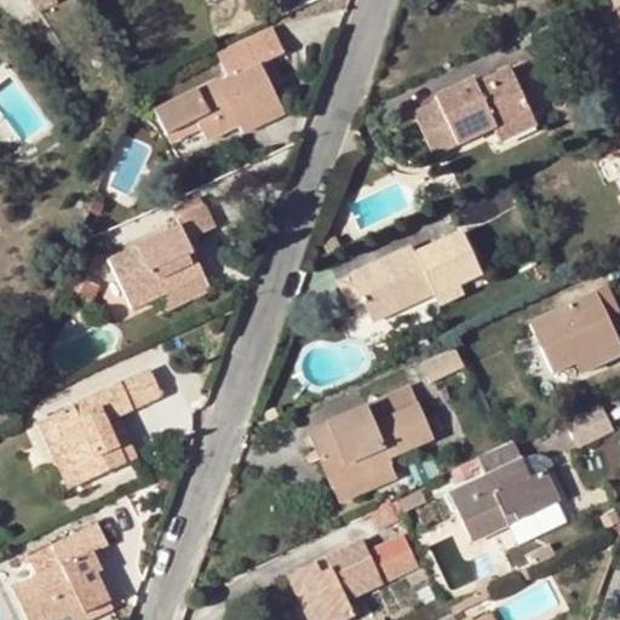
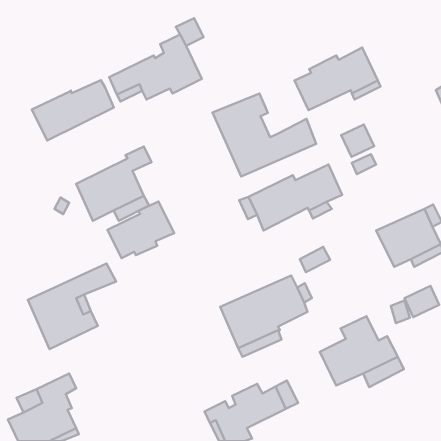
building: none -> [32,80,114,140]
building: none -> [212,93,316,176]
building: none -> [341,124,374,157]
building: none -> [108,202,174,258]

